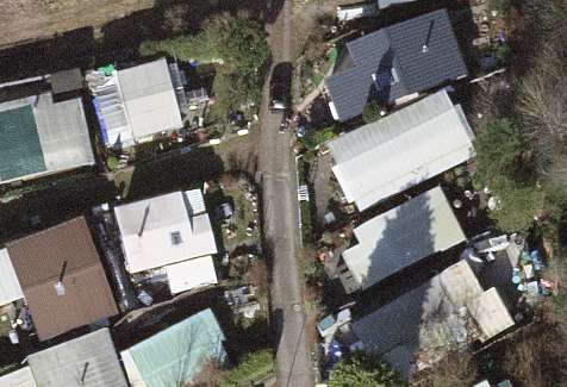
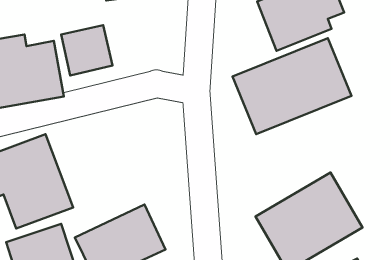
building: [117,182,218,294] -> none
building: [343,192,459,292] -> none

